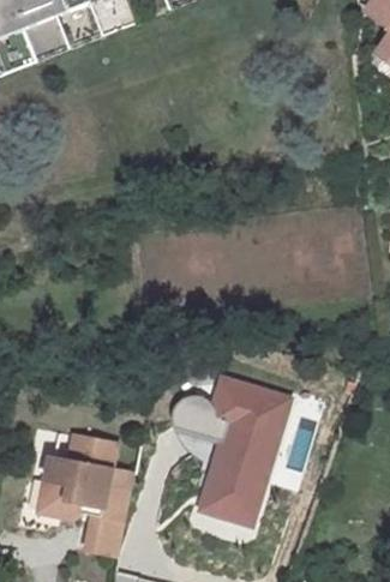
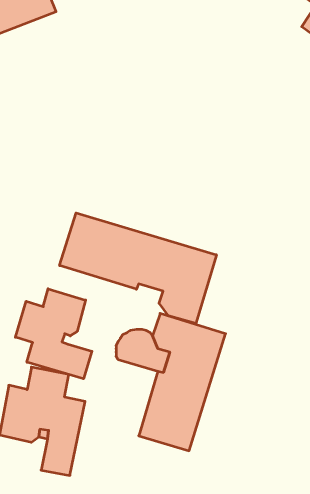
building: none -> [60,213,216,324]
building: none -> [15,289,92,379]

